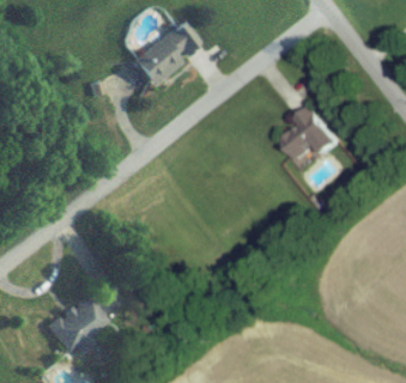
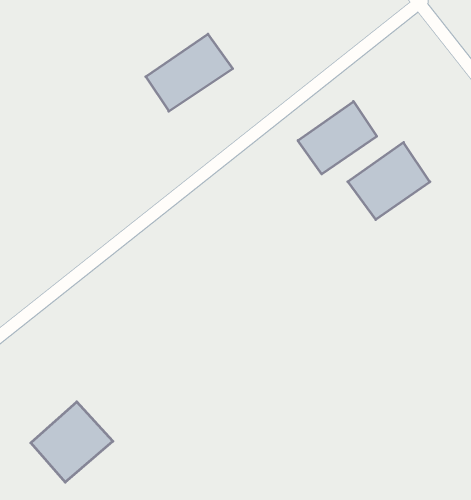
building: none -> [298,101,377,174]

